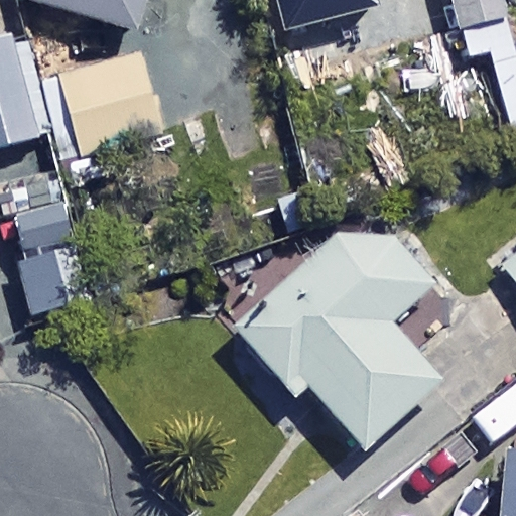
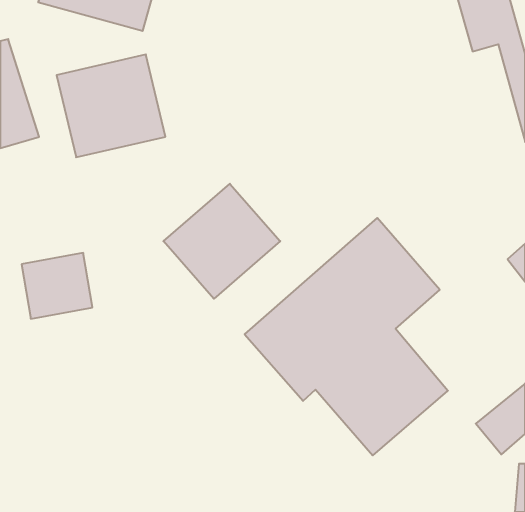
building: none -> [163,184,280,299]

